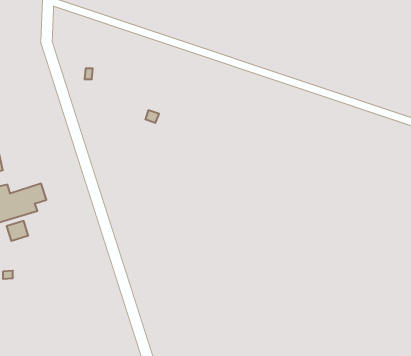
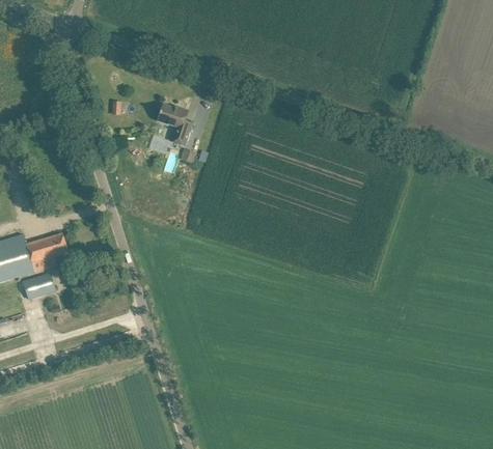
building: none -> [156,104,188,145]

